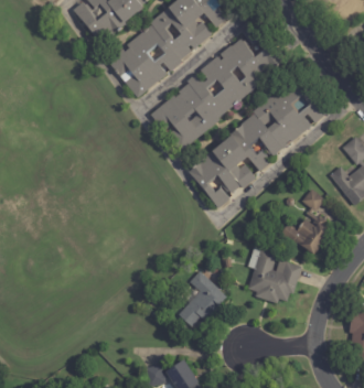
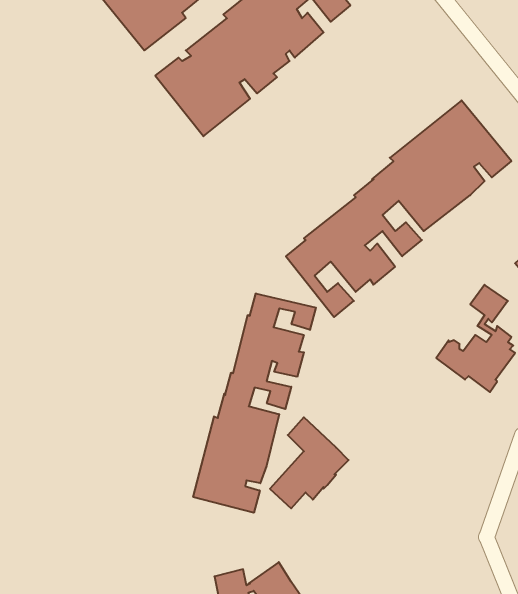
building: [151,22,282,151] -> none
building: none -> [193,293,316,513]
building: [248,247,302,303] -> none

